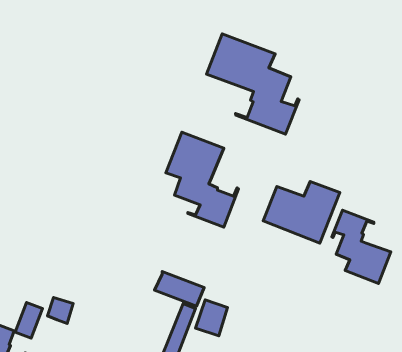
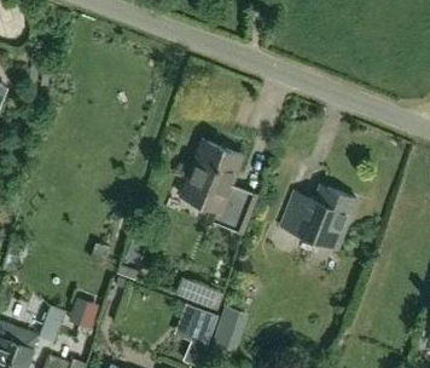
building: [206,34,299,134] -> none
building: [332,210,391,283] -> none

